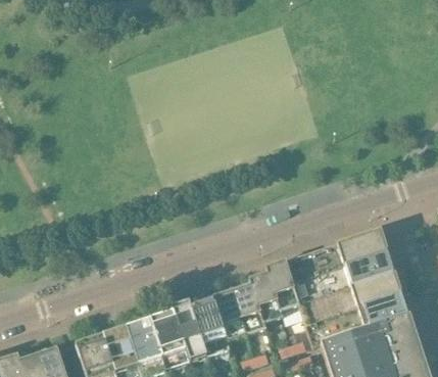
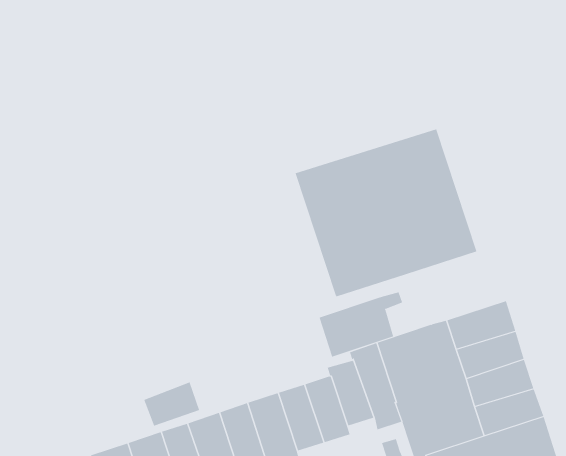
building: none -> [295,129,477,297]
building: none -> [319,291,403,357]
building: none -> [144,382,200,427]

